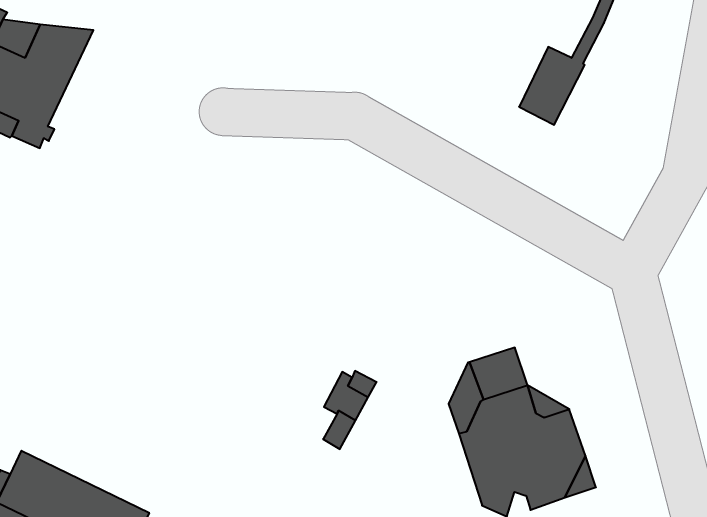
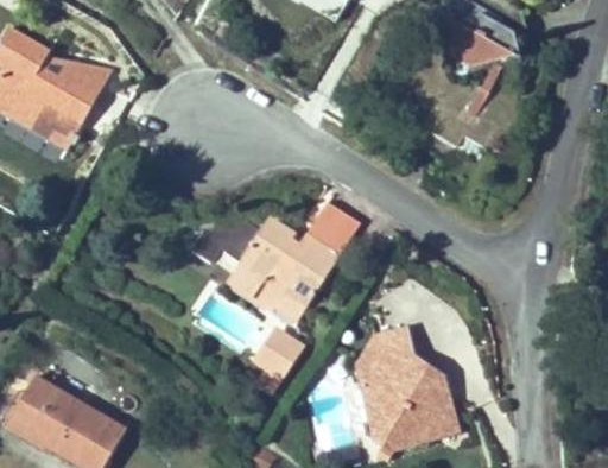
building: none -> [188,201,360,317]

